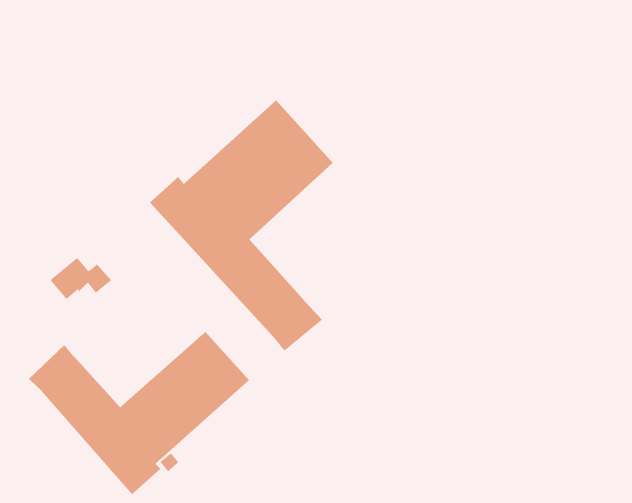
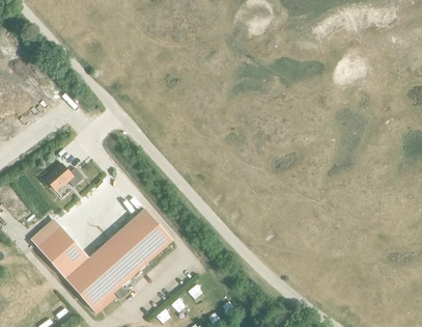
building: [149,99,333,351] -> none

